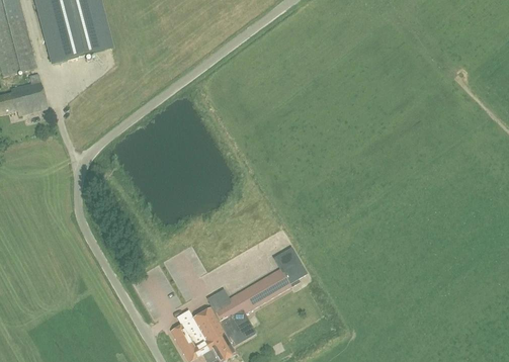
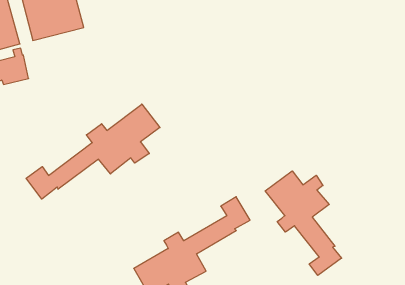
building: none -> [26,104,160,199]
building: none -> [265,171,342,275]

